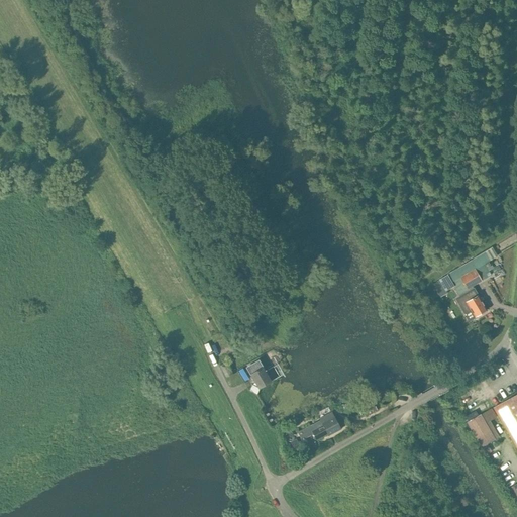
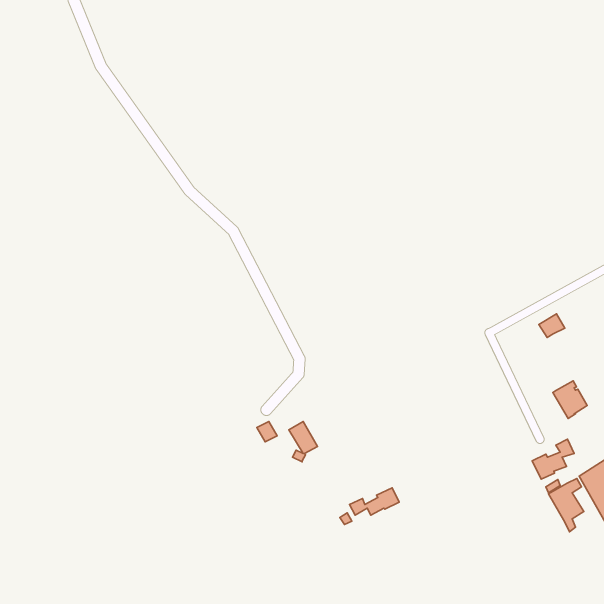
building: [457,288,487,320] -> [553,381,587,419]
building: none -> [532,439,574,479]

